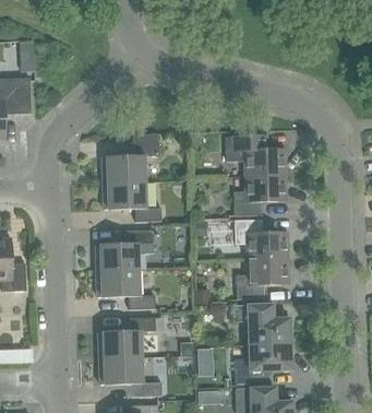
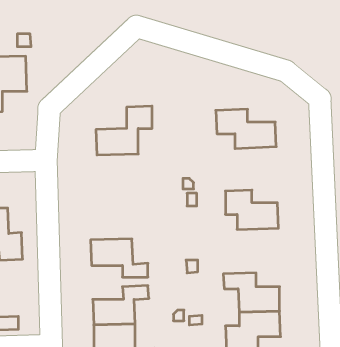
building: [233,174,287,215] -> none
building: [103,181,161,221] -> none
building: [95,229,153,270] -> none
building: [236,258,290,298] -> none

